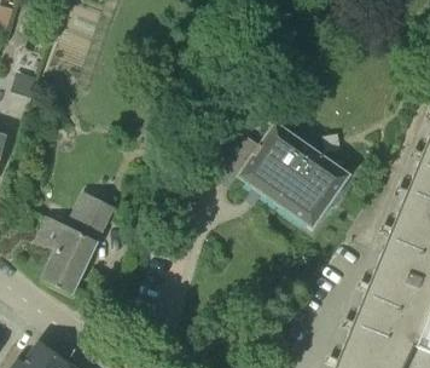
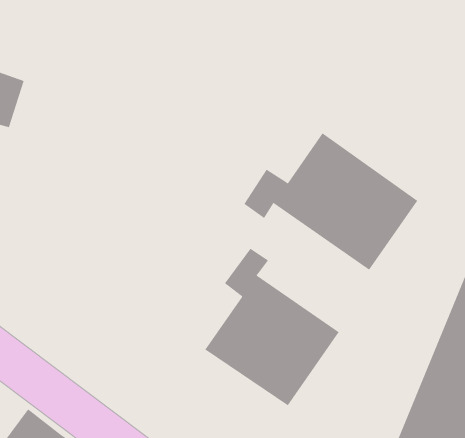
building: [35,195,115,297] -> none
building: none -> [204,248,339,406]

